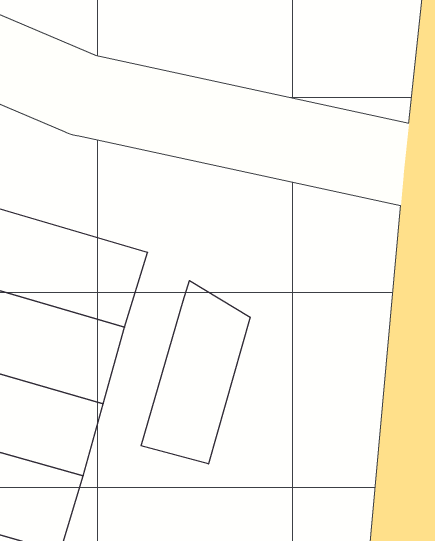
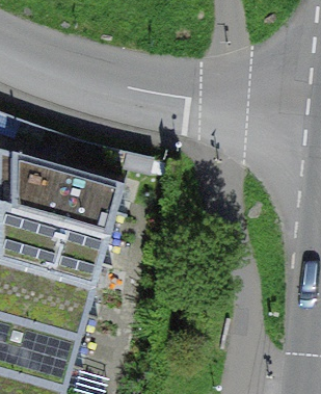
building: [141,281,250,464] -> none

